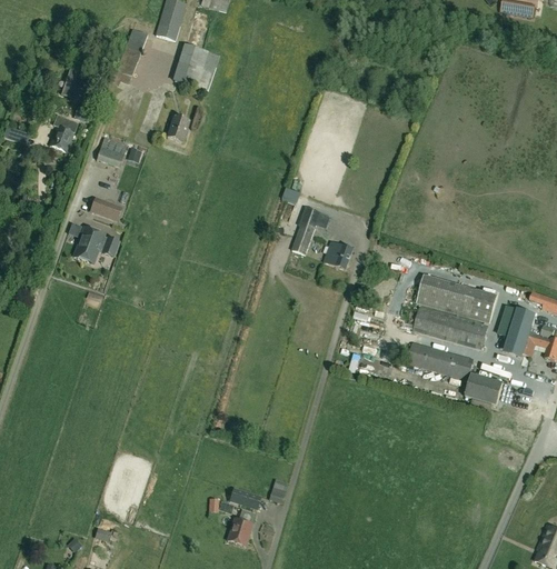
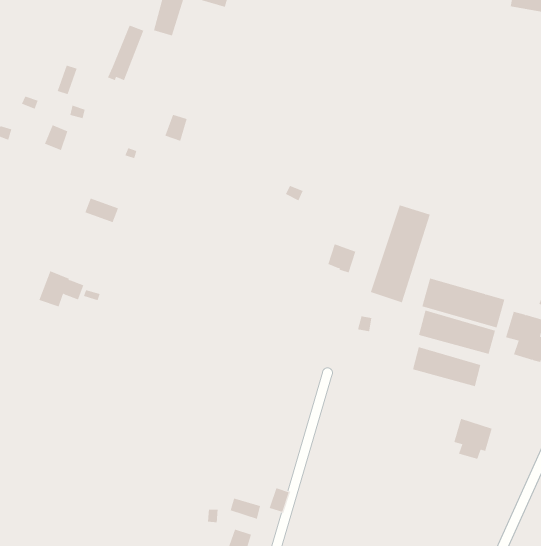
building: [172,42,219,90] -> none
building: [96,136,127,166] -> none
building: none -> [370,204,430,303]
building: [291,206,320,252] -> none
building: [73,226,118,261] -> [38,270,84,307]
building: [465,372,503,412] -> [454,418,493,459]

